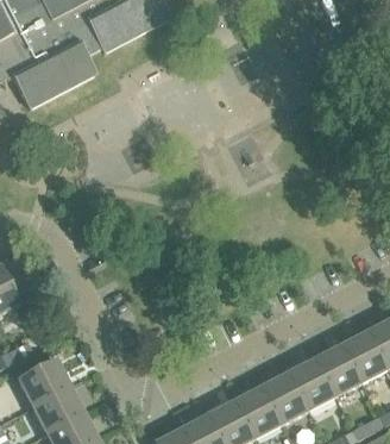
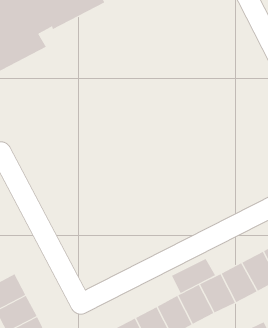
building: none -> [171,258,216,294]

